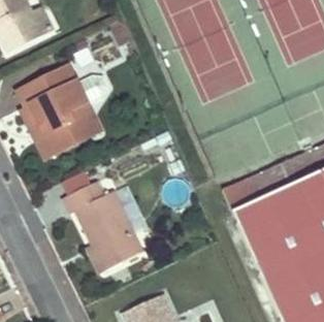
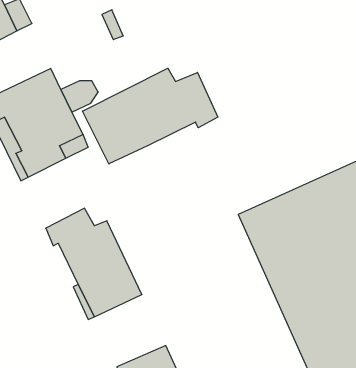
building: none -> [82,68,218,164]

